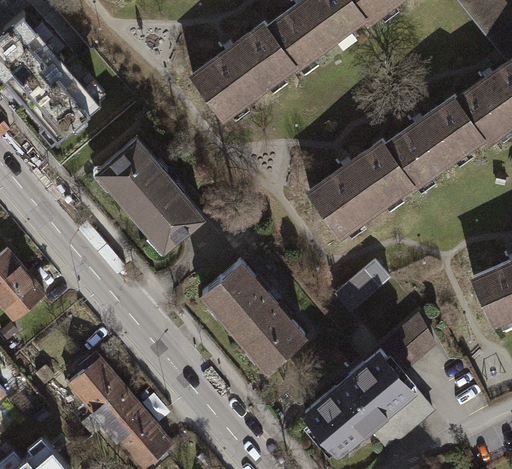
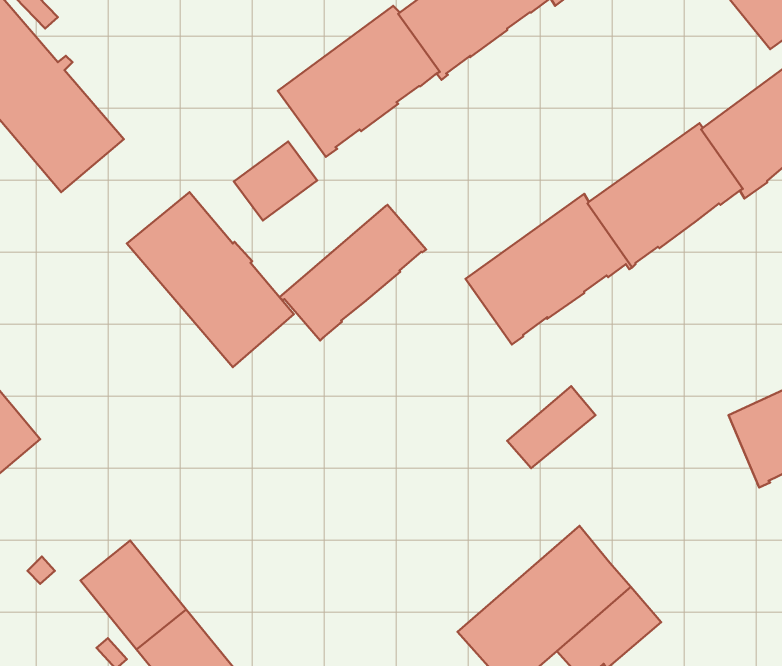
building: none -> [234,141,317,220]
building: none -> [279,205,426,340]
building: [203,262,306,370] -> none
building: [381,318,433,372] -> none

